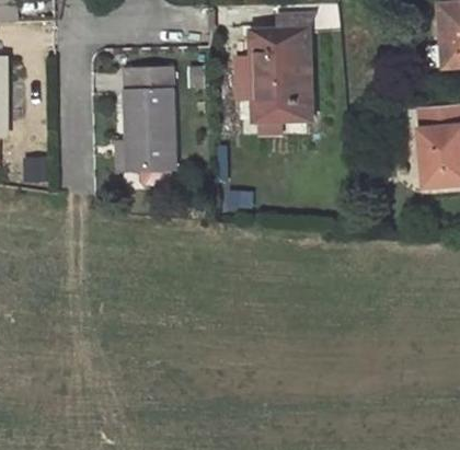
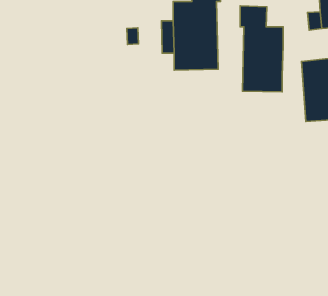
building: none -> [240,6,283,92]
building: [128,68,175,168] -> none

